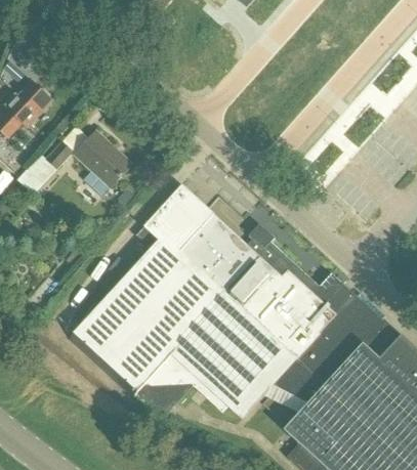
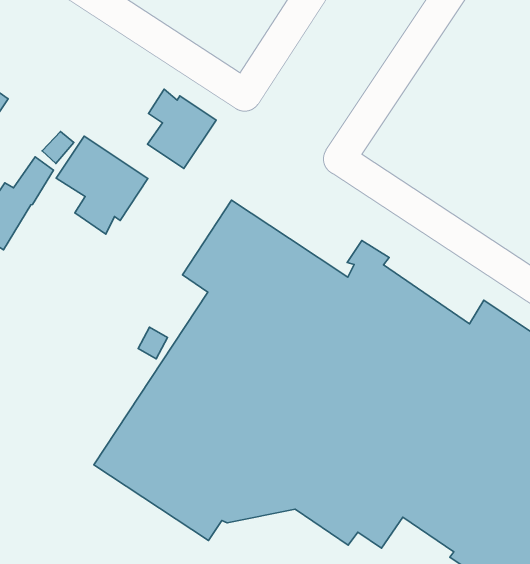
building: none -> [148,89,216,169]

